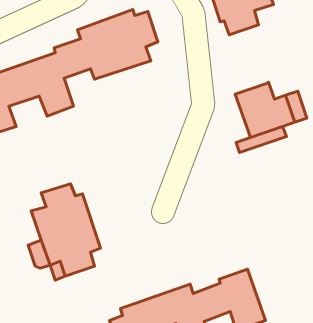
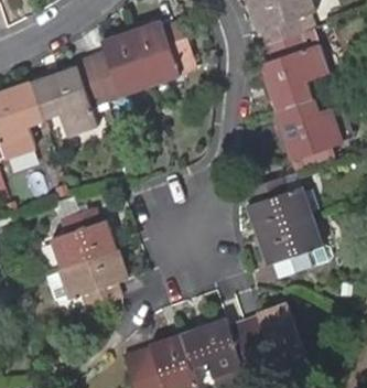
building: none -> [259,30,327,111]
building: none -> [246,177,321,278]

